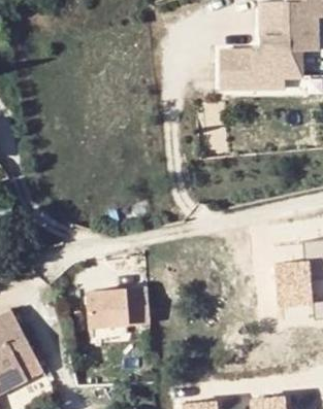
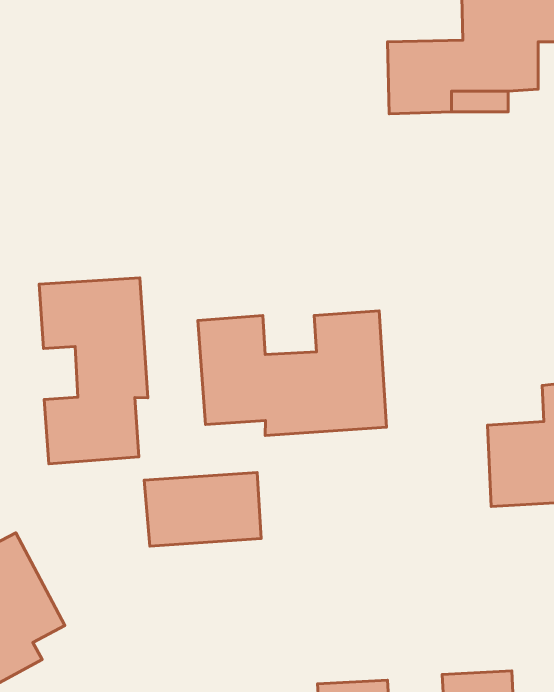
building: none -> [39,278,148,464]
building: none -> [198,311,387,435]

